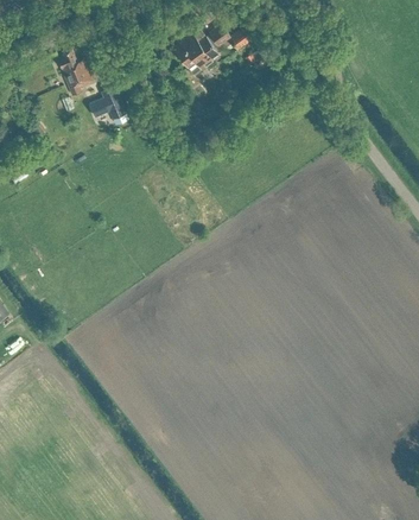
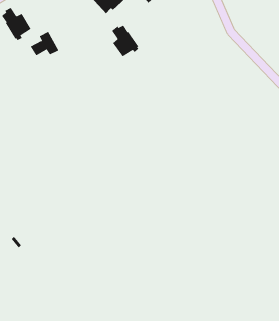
building: none -> [111,25,139,57]

